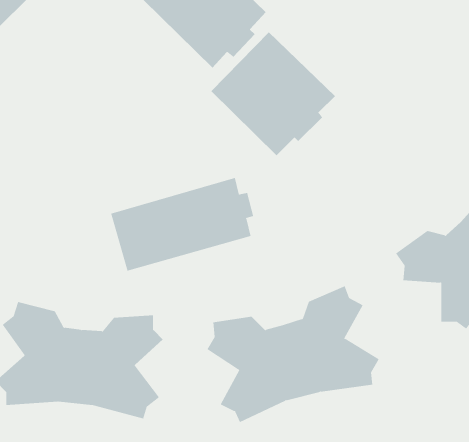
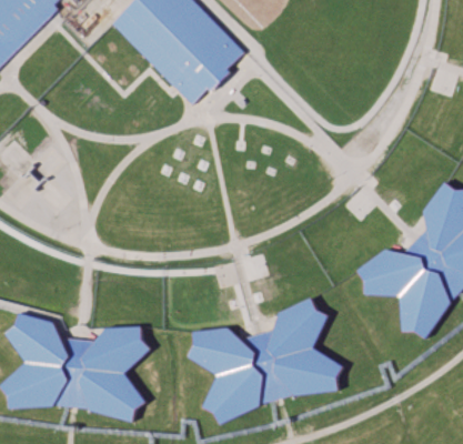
building: [211,32,336,156] -> none
building: [111,177,254,271] -> none

